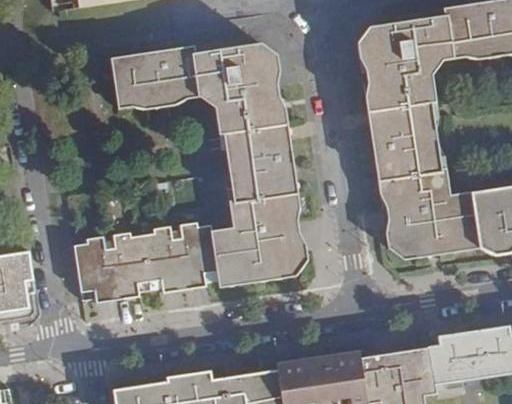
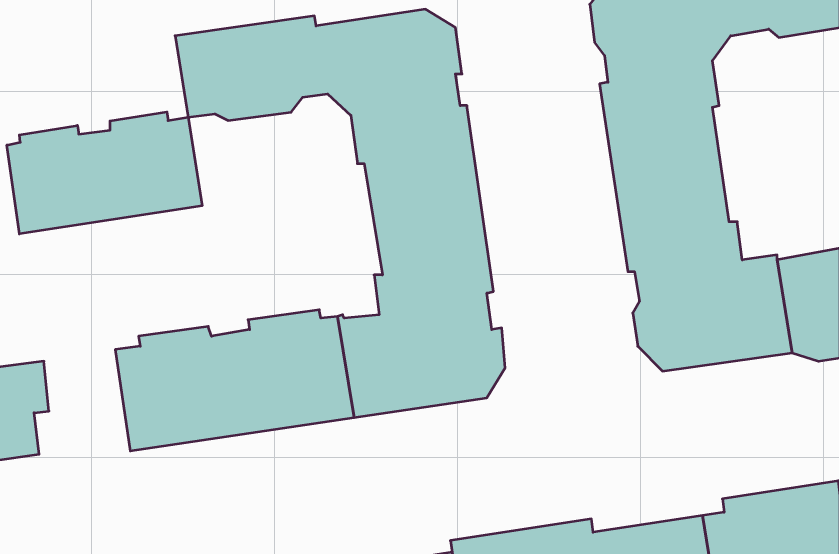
building: none -> [7,112,202,234]

